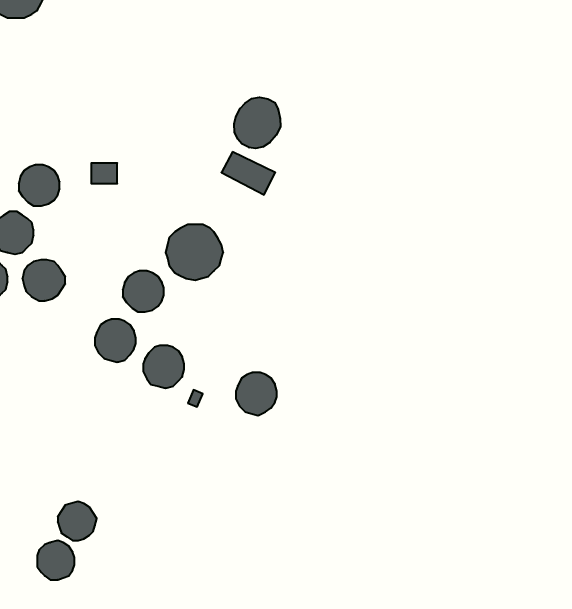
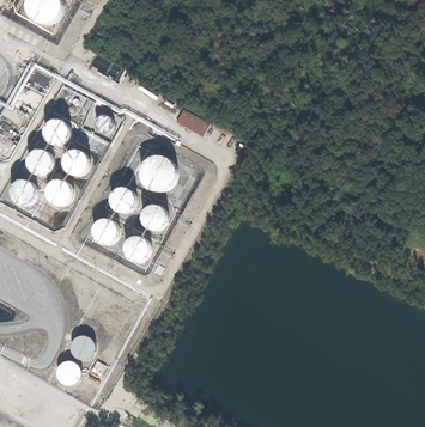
building: [234,97,280,148] -> none
building: none -> [62,148,90,175]
building: [236,373,277,415] -> [140,202,166,230]

